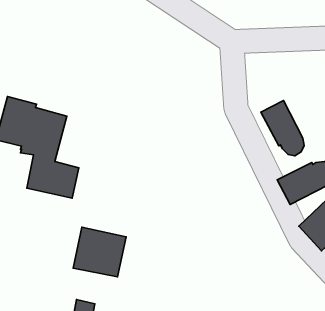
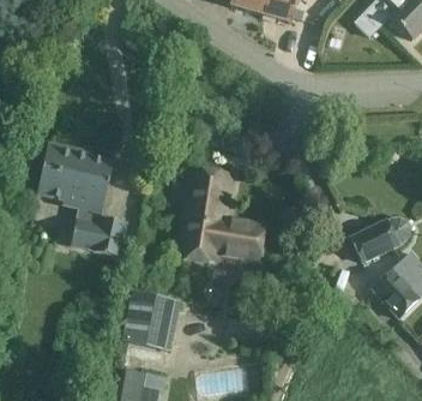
building: [261,101,304,156] -> none
building: none -> [180,164,254,259]

